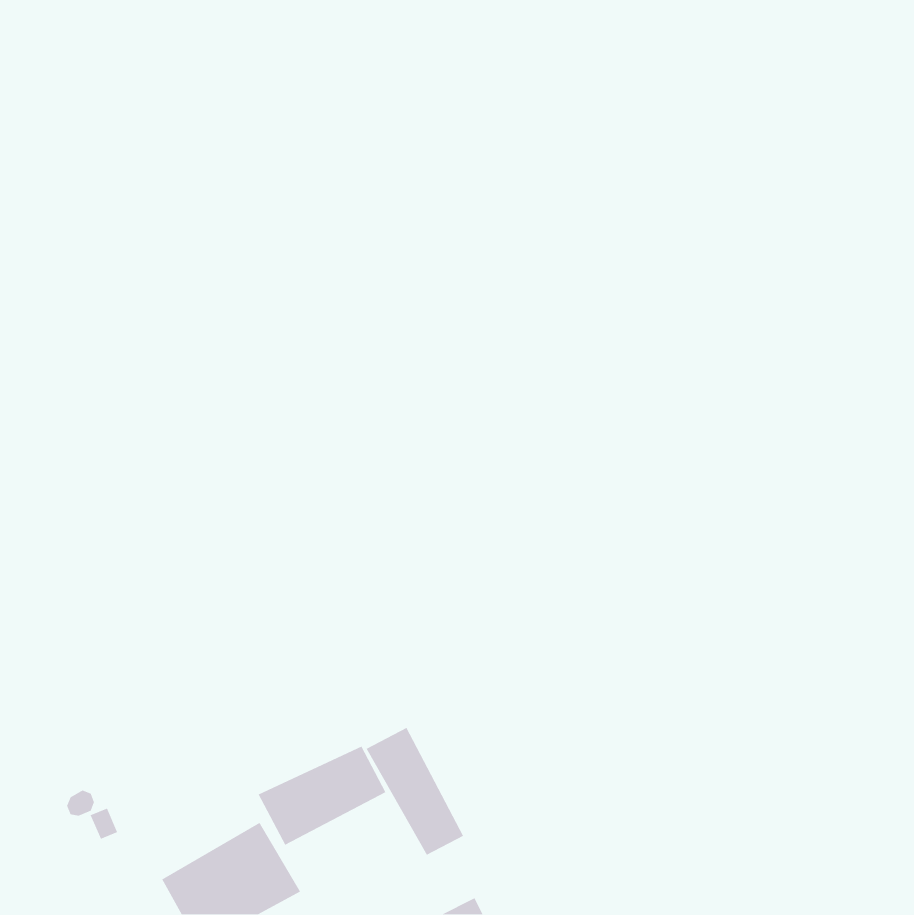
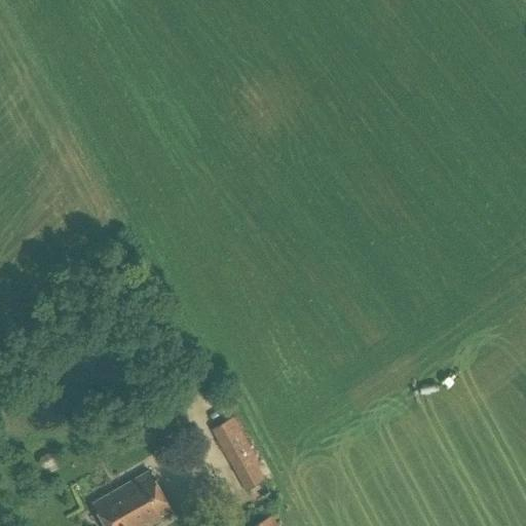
building: [258,745,387,846] -> none

